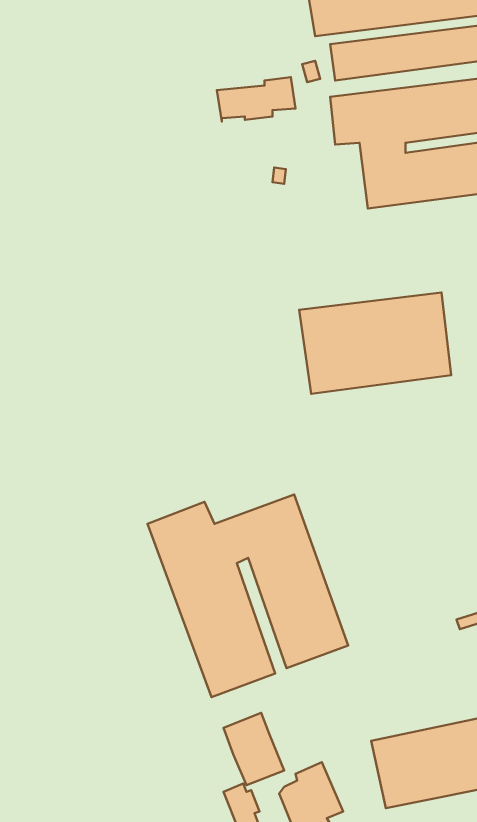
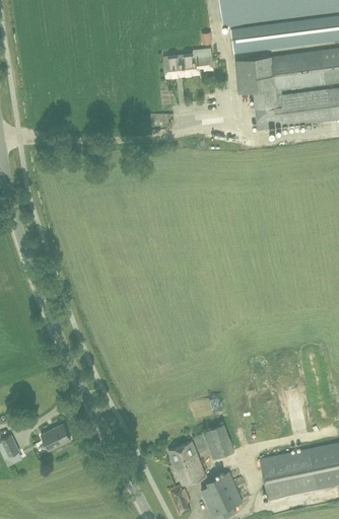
building: [299,292,451,394] -> none
building: [147,494,348,697] -> none
building: none -> [41,424,71,450]
building: none -> [203,424,235,459]

